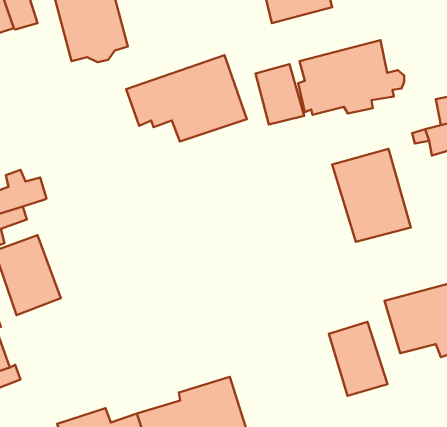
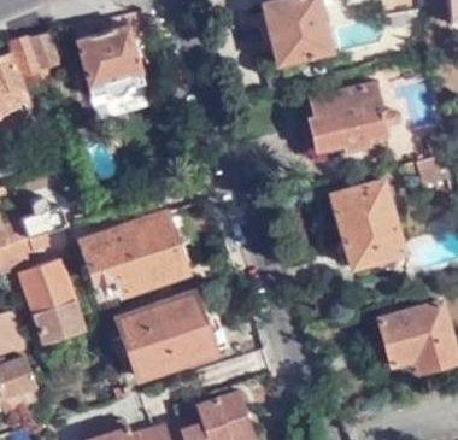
building: [126,55,247,142] -> [72,215,183,294]
building: [256,64,304,125] -> none
building: none -> [117,293,213,376]
building: [329,322,388,396] -> none

